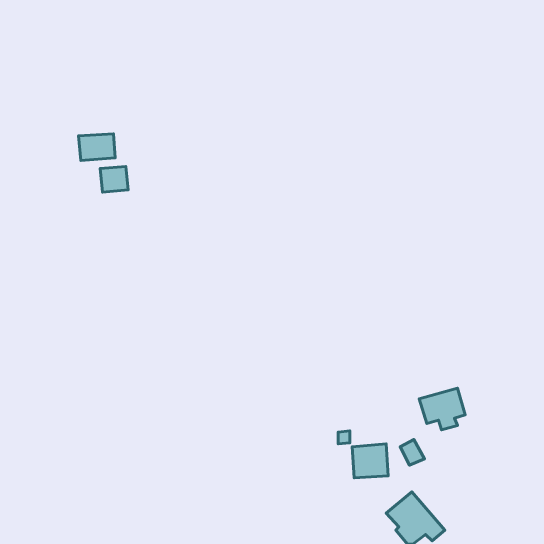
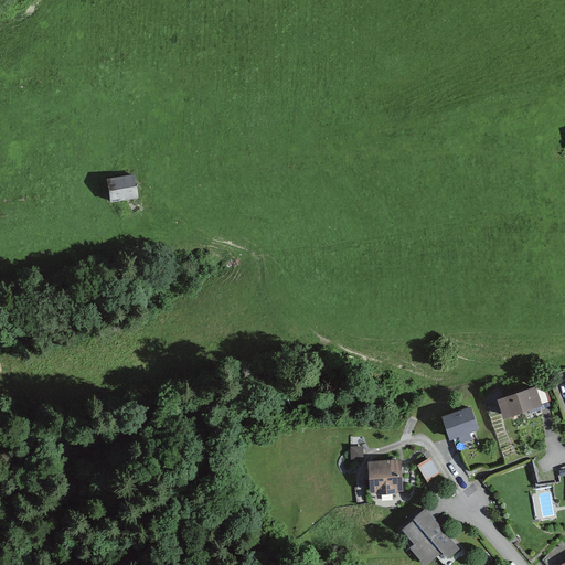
building: [79,134,115,161] -> none
building: none -> [497,387,548,420]

